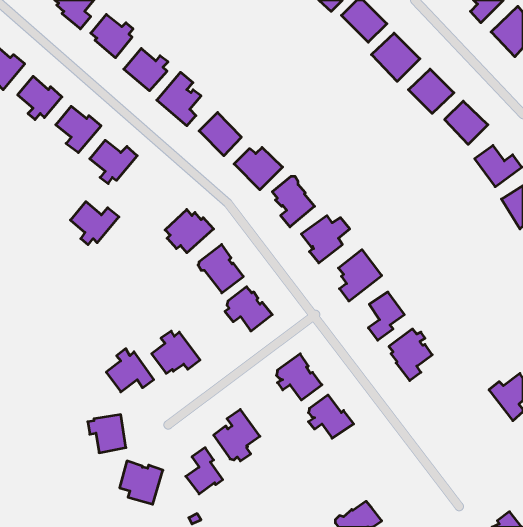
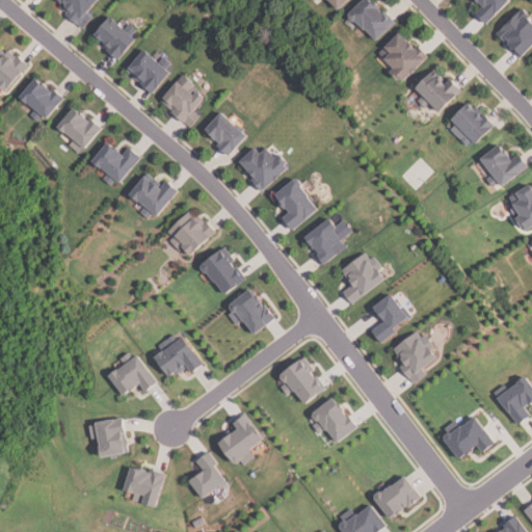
building: [70,202,119,245] -> [128,175,177,218]
building: none -> [444,416,494,458]
building: none -> [372,476,419,518]

